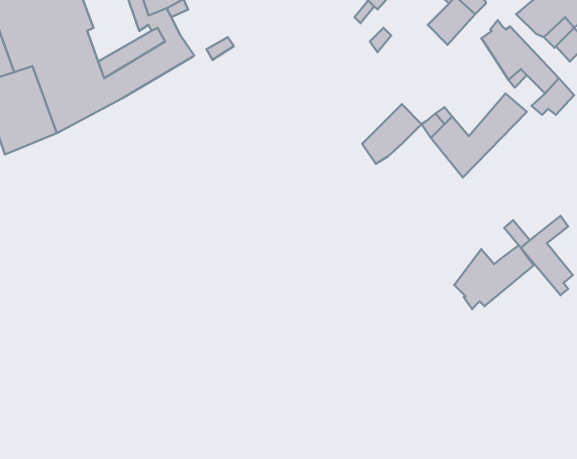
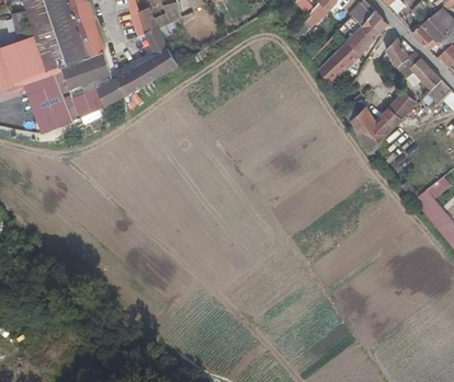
building: [362,104,422,164] -> [318,40,361,83]
building: [454,245,534,309] -> none

